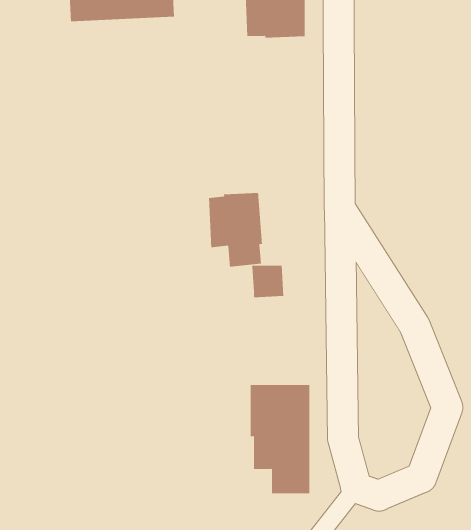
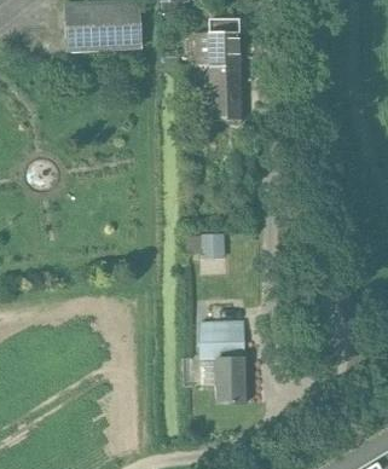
building: none -> [210,63,242,120]
building: [208,192,263,268] -> none

